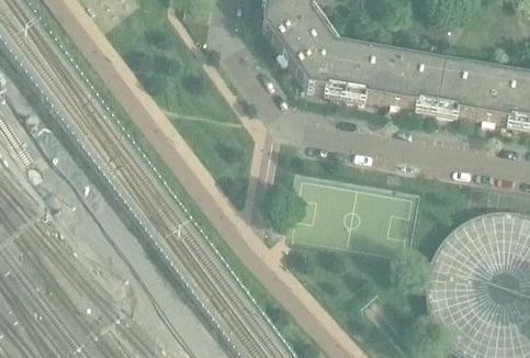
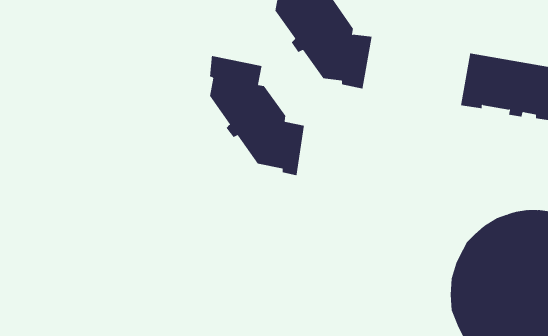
building: [347,44,447,109] -> none
building: none -> [209,55,304,176]

